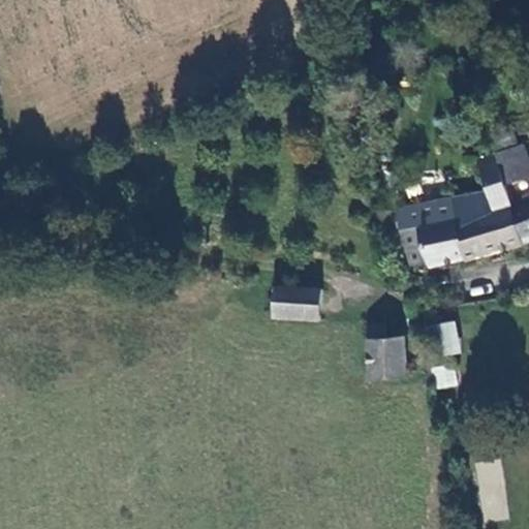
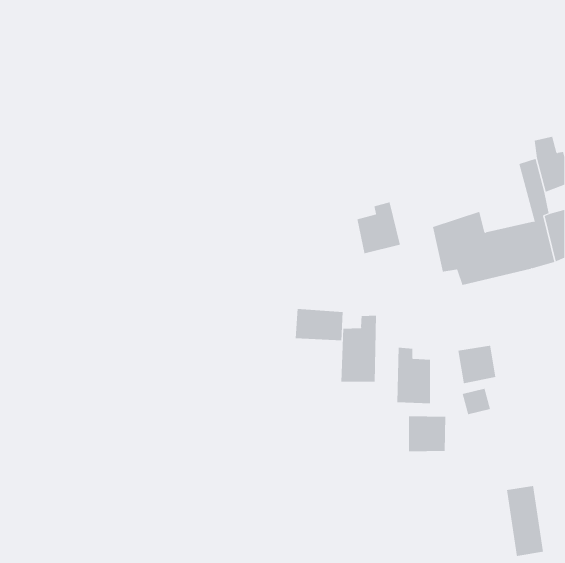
building: none -> [357,201,400,254]
building: none -> [341,315,377,382]
building: none -> [408,415,446,452]

